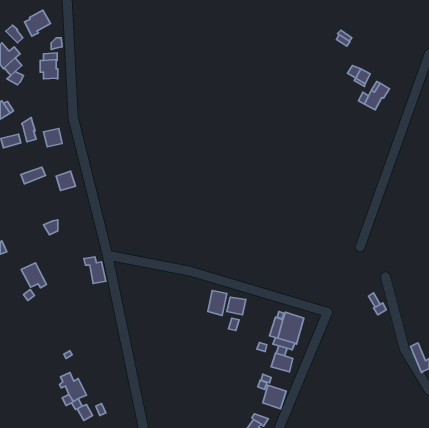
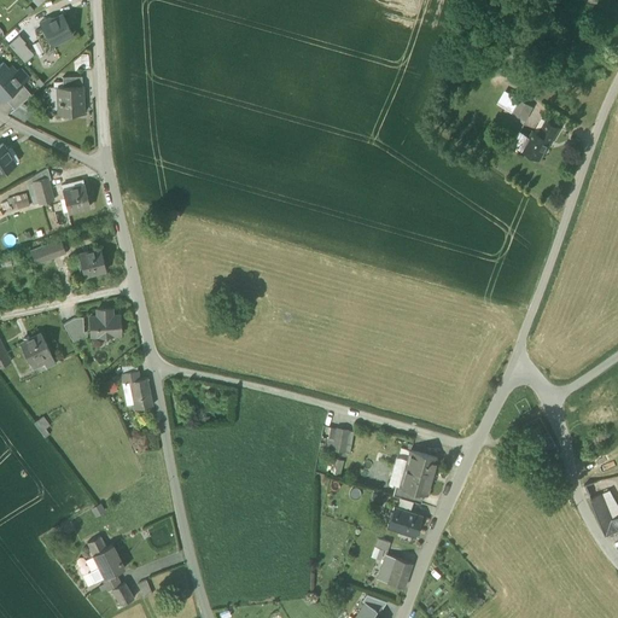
building: none -> [91,309,119,337]
building: [21,263,46,288] -> [19,334,56,371]
building: [208,290,227,315] -> none

